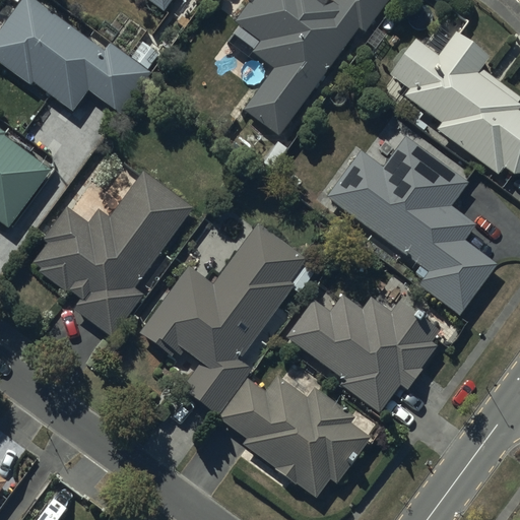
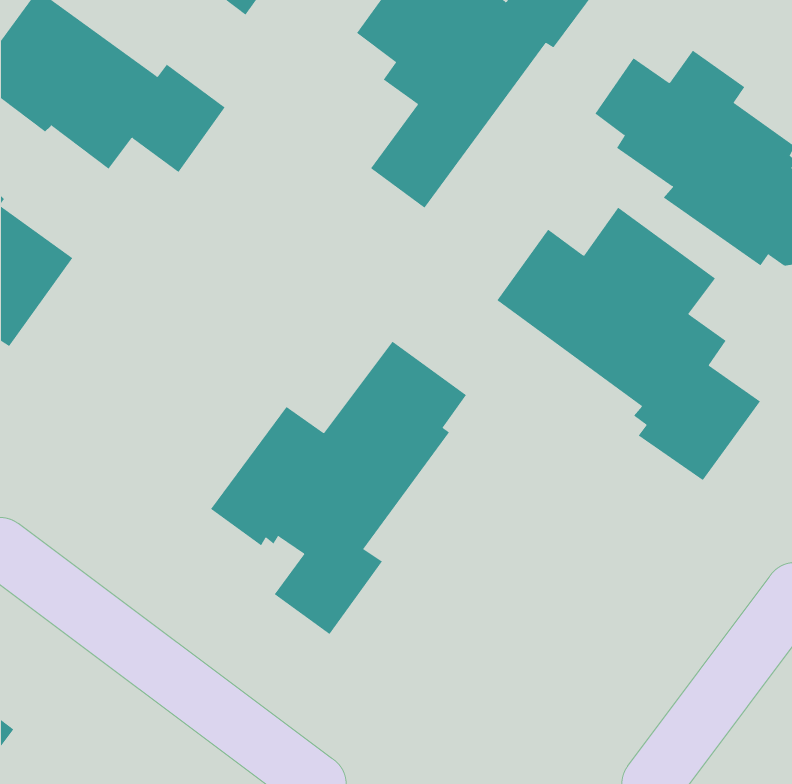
building: [32,170,193,335] -> none
building: [285,294,443,412] -> none
building: [219,373,372,498] -> none

